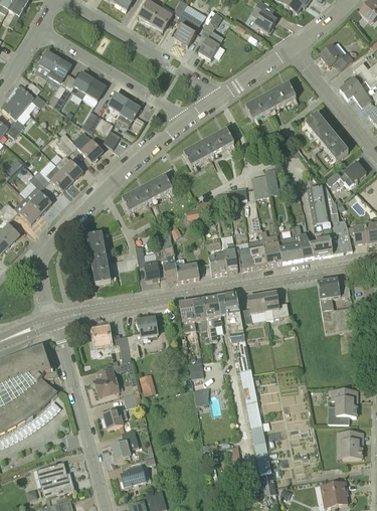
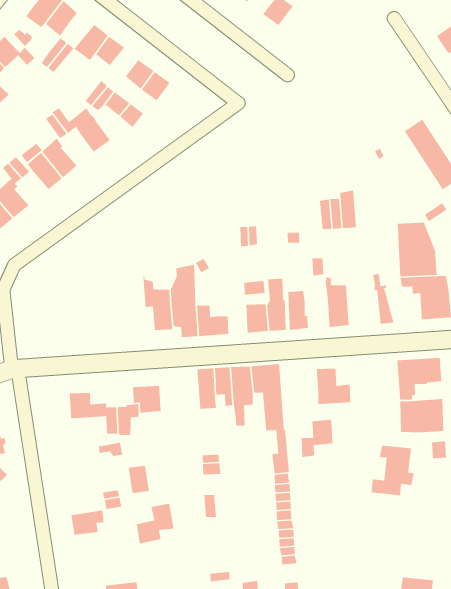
building: [245,82,296,120] -> none
building: [183,129,234,167] -> none
building: [122,175,173,213] -> none
building: [86,232,111,284] -> none
building: [304,233,331,257] -> none
building: [277,235,303,262] -> none
building: [247,237,267,267] -> none
building: [241,294,264,323] -> [301,419,334,458]
building: [93,365,119,395] -> none
building: [328,389,357,423] -> [371,445,415,496]
building: [112,428,139,459] -> [136,503,174,544]

